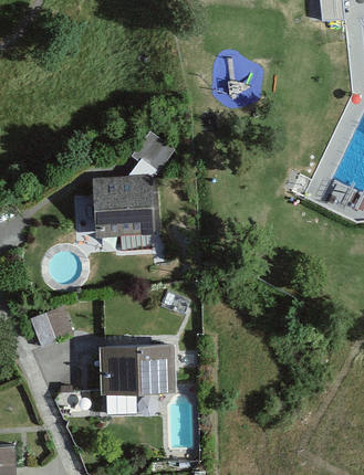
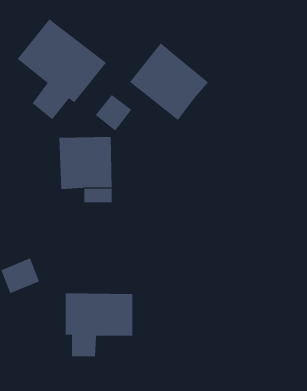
building: none -> [17,19,107,120]
building: none -> [129,42,209,121]

